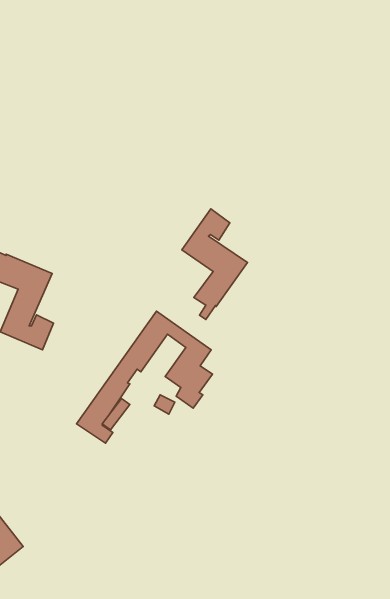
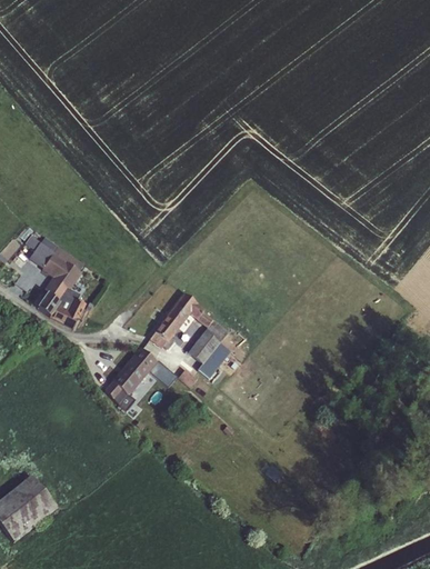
building: [182,209,247,319] -> none

